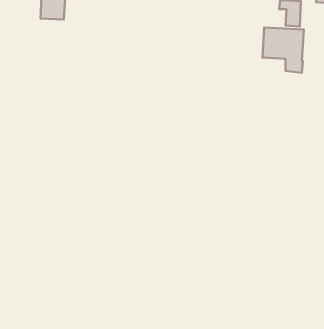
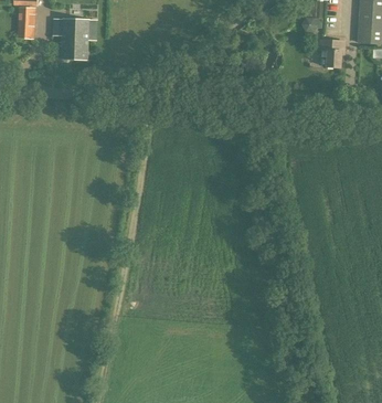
building: [262,28,304,73] -> none

